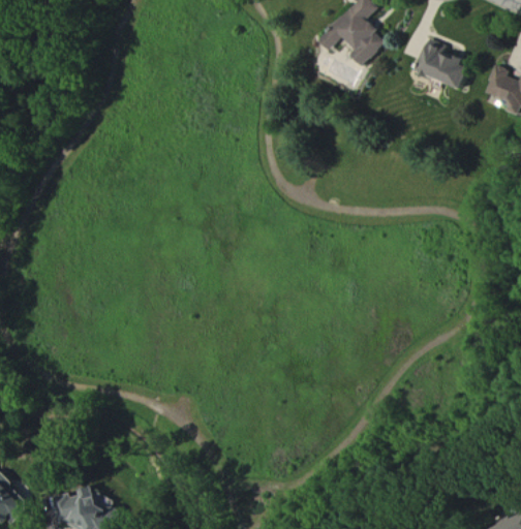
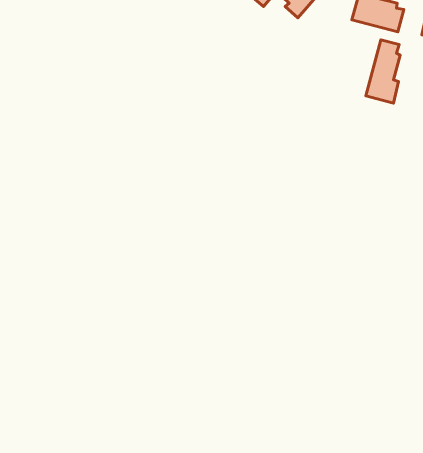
building: none -> [366,40,400,103]

